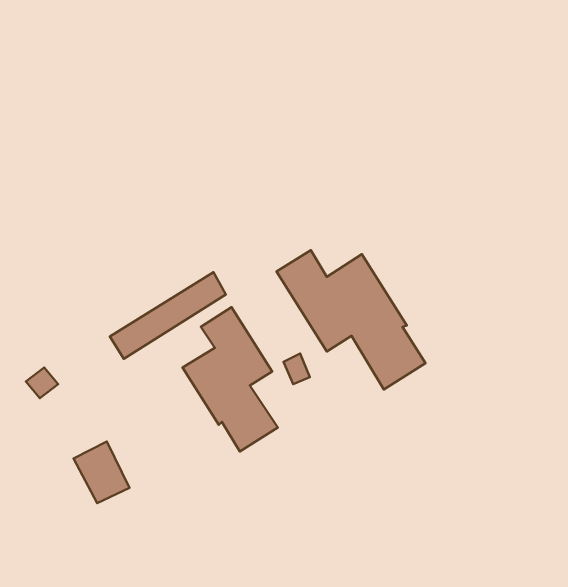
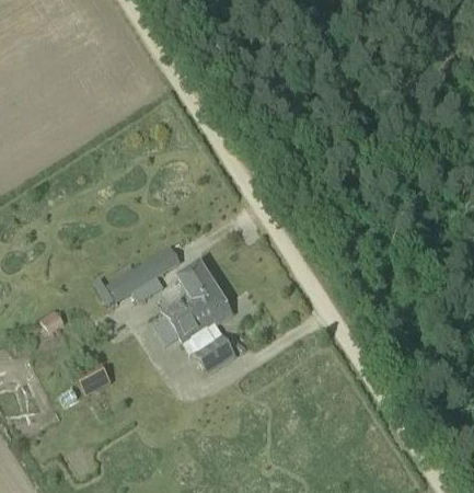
building: [276,250,426,390] -> none

